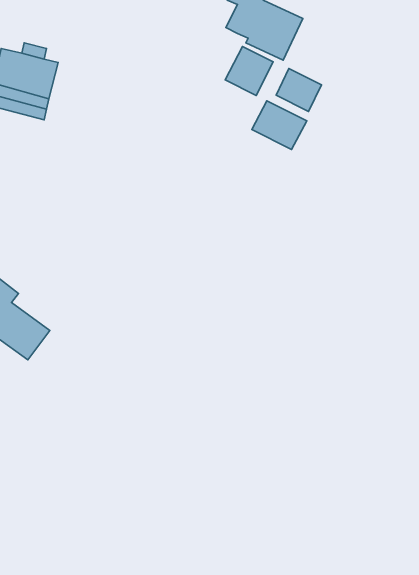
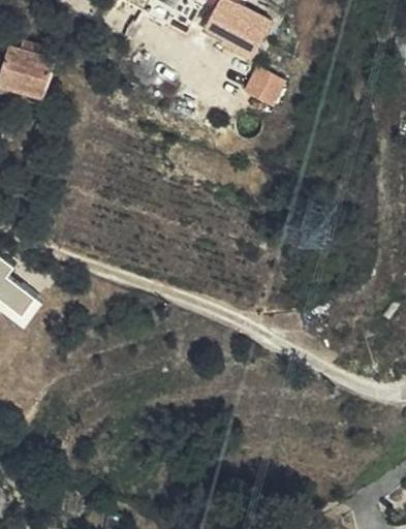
building: [225,46,273,95] -> none
building: [252,101,307,149] -> none

